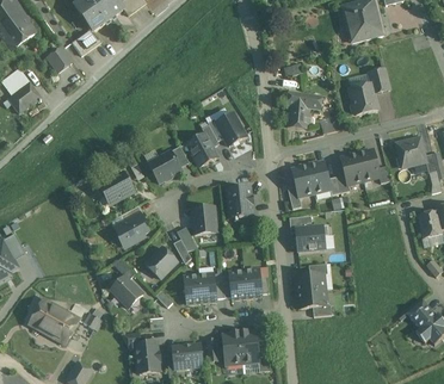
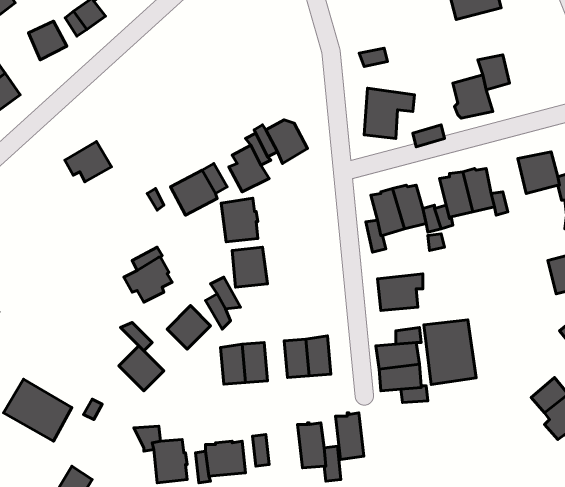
building: [100,172,134,200] -> [65,142,112,182]
building: [227,186,253,217] -> [221,198,258,242]
building: none -> [424,320,476,385]
building: [222,332,242,365] -> [336,413,364,460]

